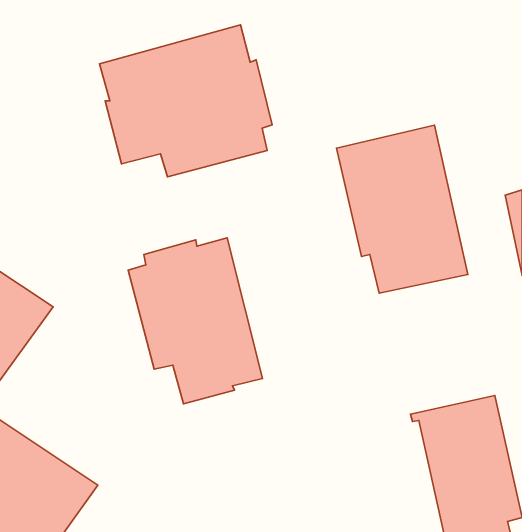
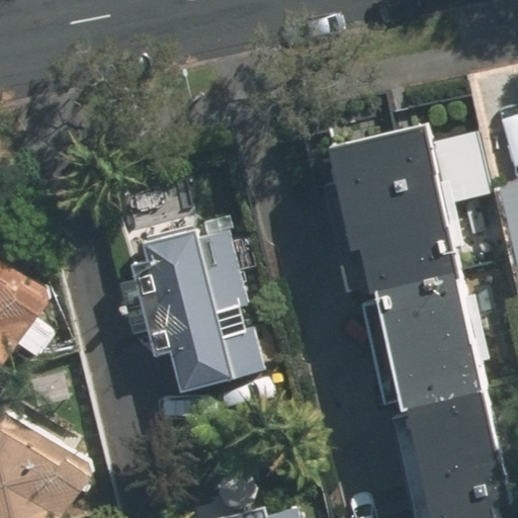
building: [99,25,272,177] -> none
building: none -> [368,267,481,403]

